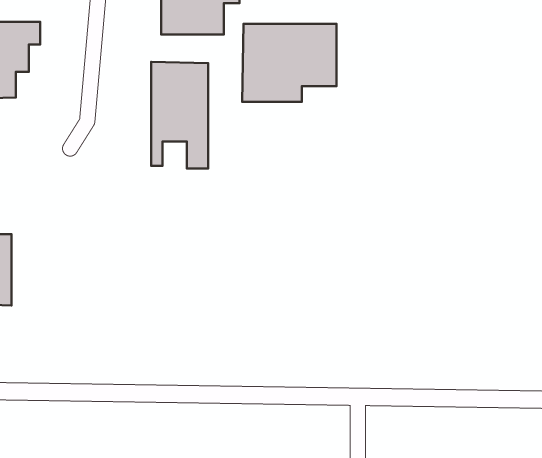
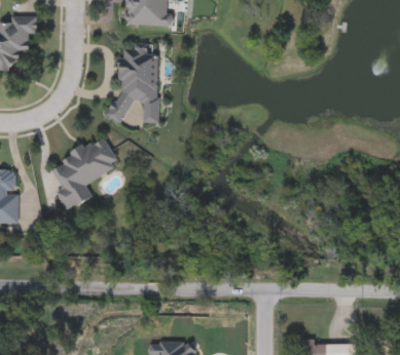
building: [242,24,336,102] -> none
building: none -> [50,136,118,209]

